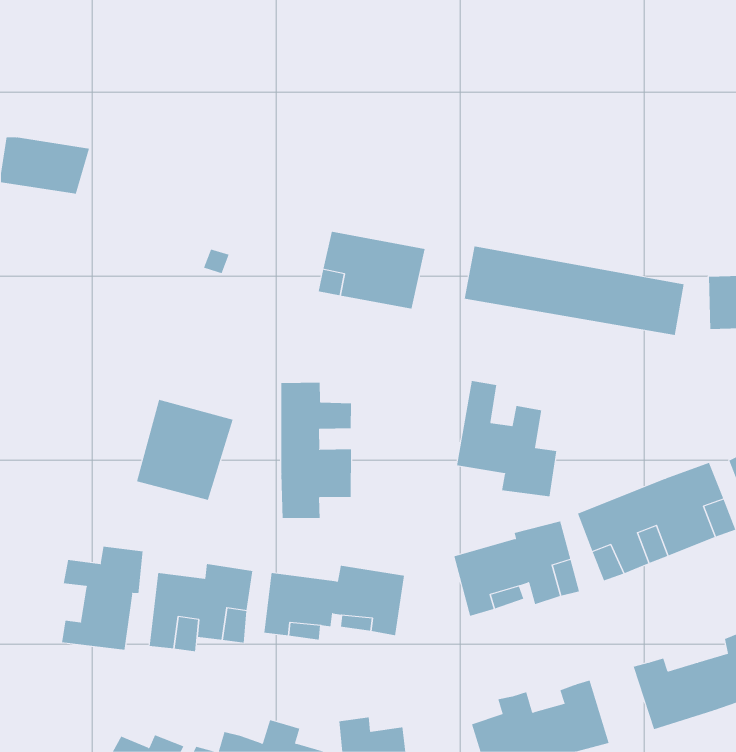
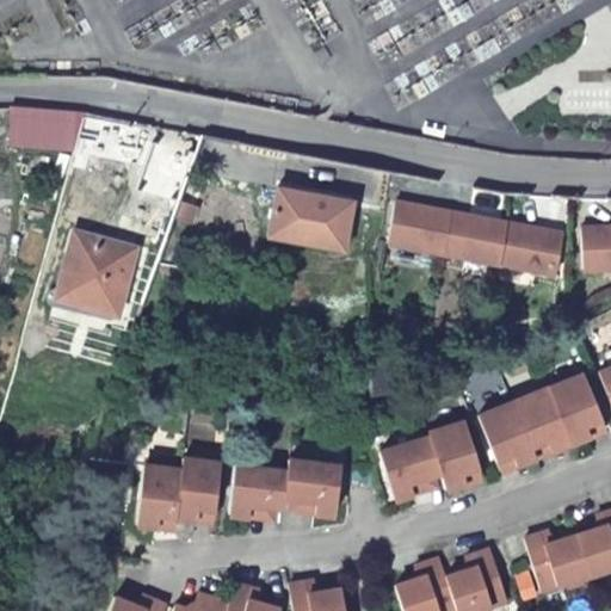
building: [457,380,557,497] -> none
building: [281,382,352,519] -> none
building: [136,399,233,501] -> [57,242,136,325]
building: [62,546,143,650] -> none

